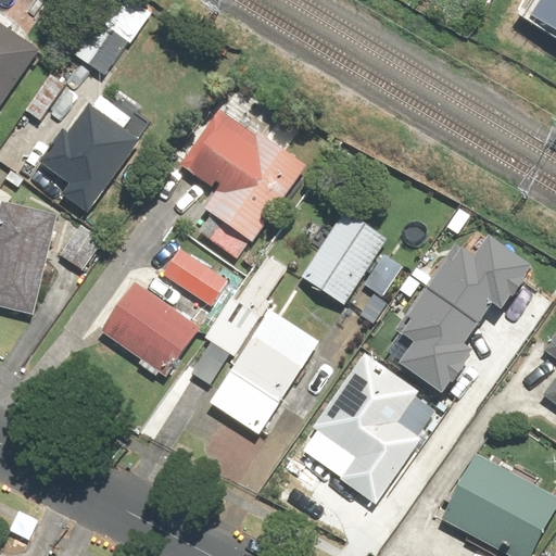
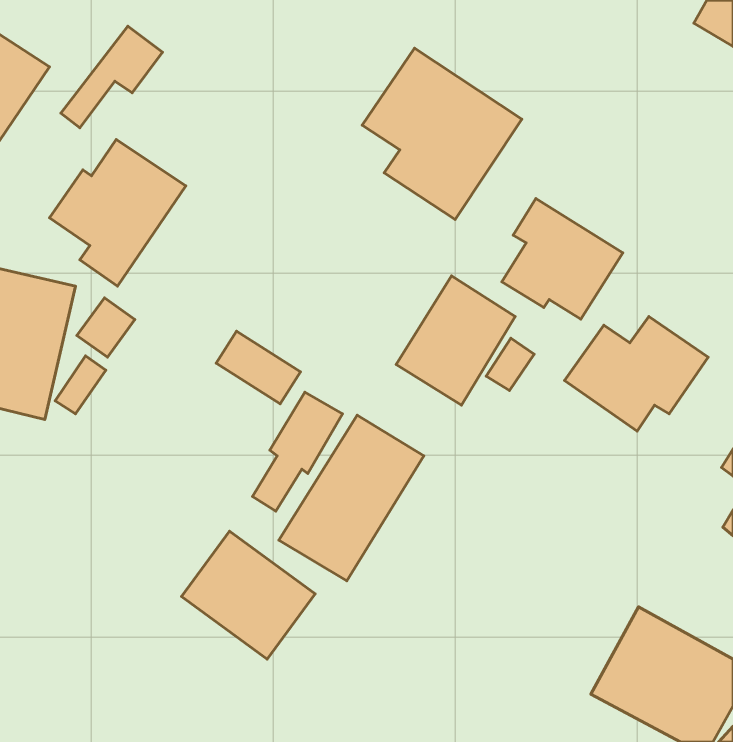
building: [185,113,304,241] -> [362,48,522,219]
building: none -> [502,198,623,319]
building: [101,281,201,377] -> [182,531,315,659]
building: [386,285,477,389] -> none
building: [312,353,421,503] -> none

